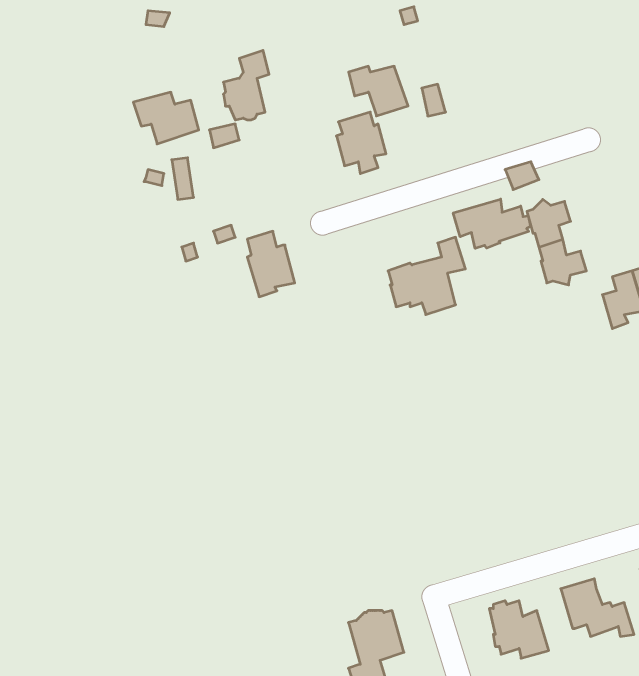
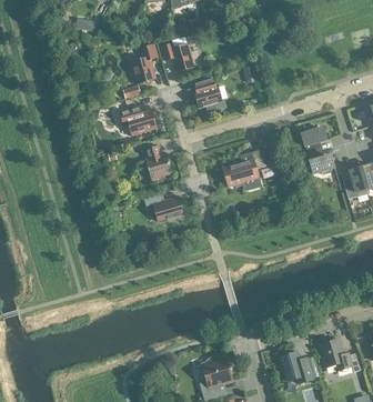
building: [349,66,408,116] -> [161,42,194,70]
building: [133,92,199,144] -> [119,104,155,133]
building: [453,199,531,248] -> none
building: none -> [143,192,183,219]

